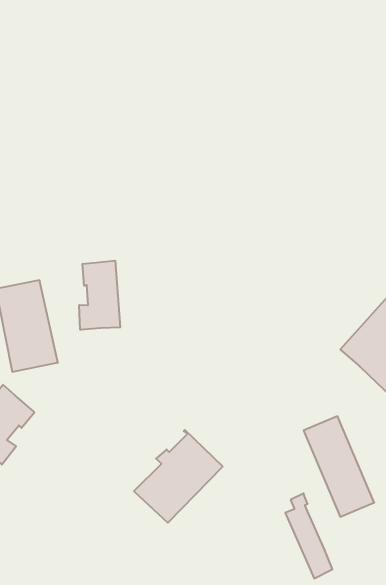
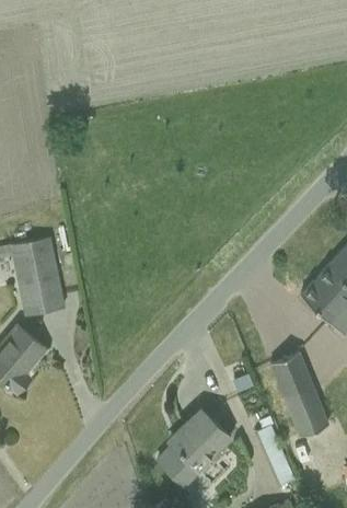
building: [79,261,120,330] -> none
building: [134,430,223,523] -> [158,409,232,487]

